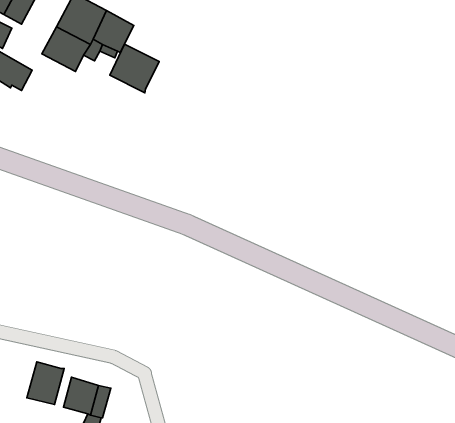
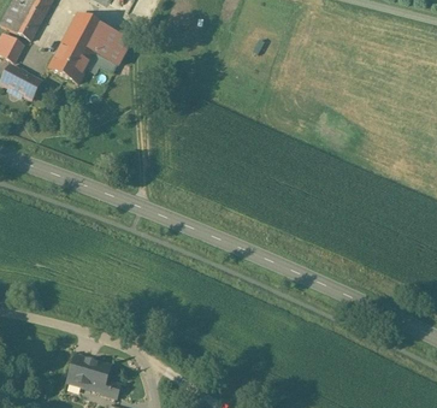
building: [110,44,159,93] -> none
building: [27,362,64,405] -> none

